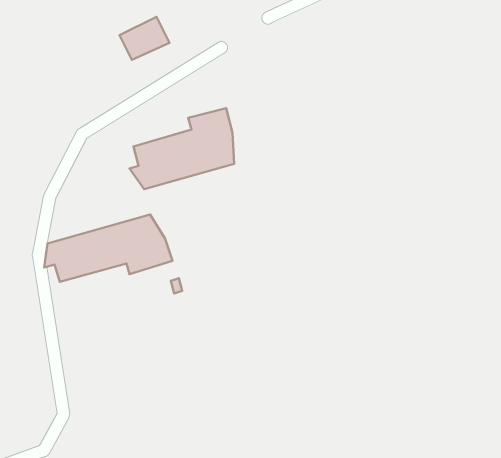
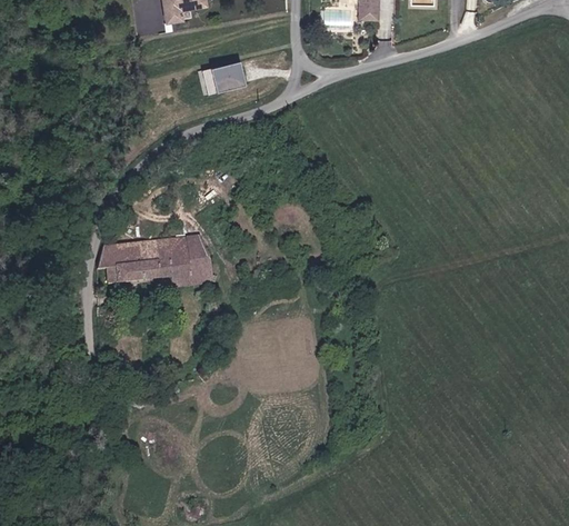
building: [129,108,234,189] -> none

